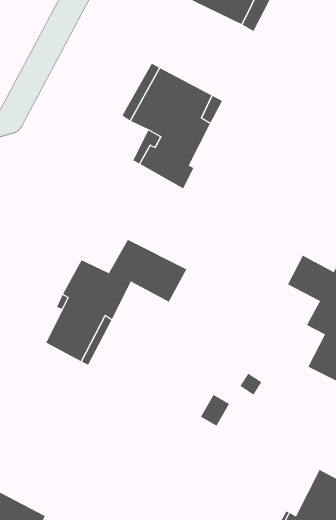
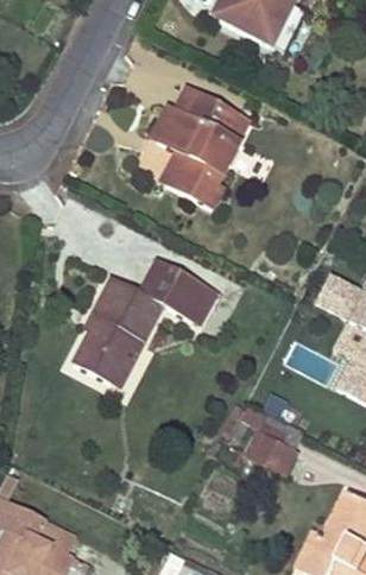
building: none -> [246,411,304,472]

